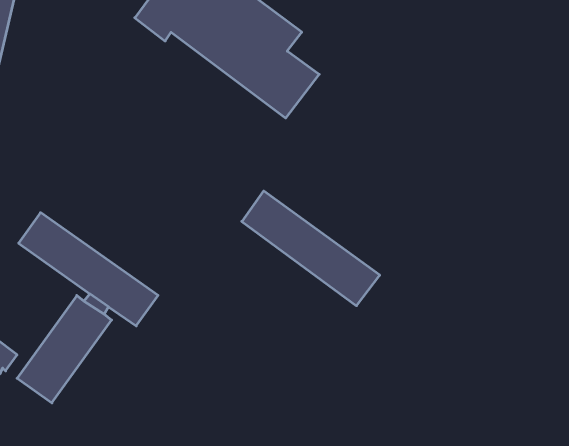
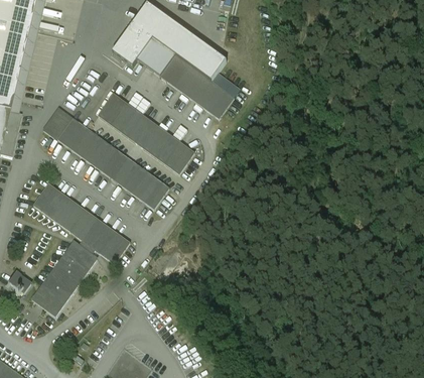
building: none -> [42,108,168,209]
building: [242,191,380,306] -> [98,94,193,173]

